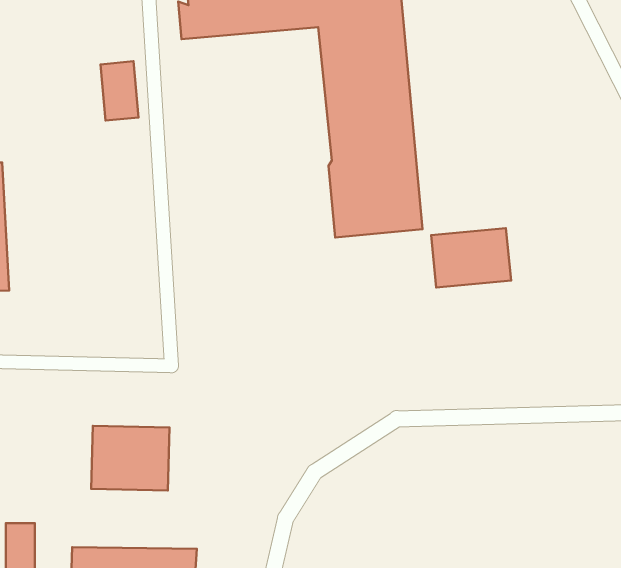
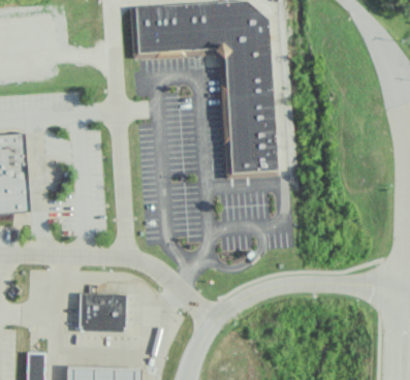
building: [101,61,139,121] -> none
building: [431,228,511,288] -> none

